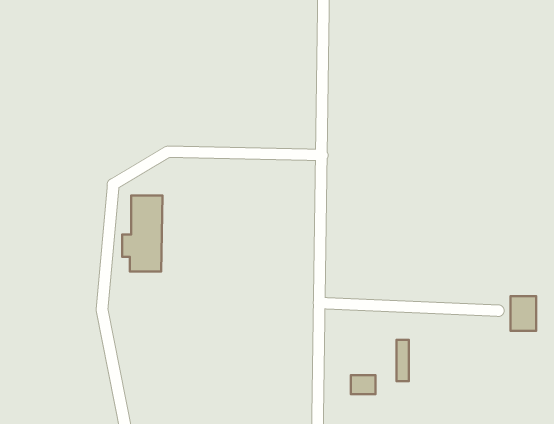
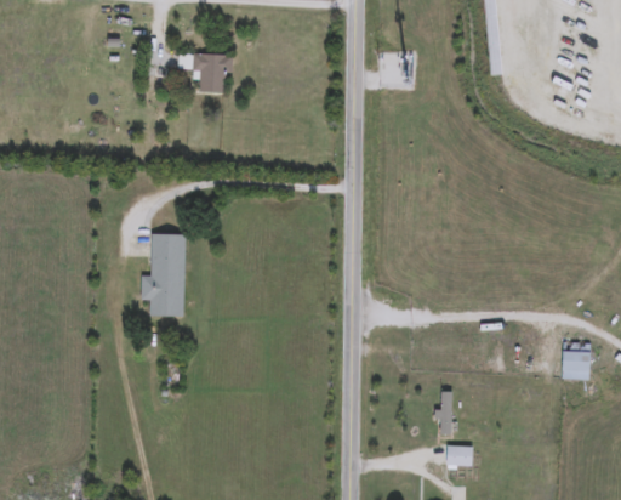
building: none -> [176,52,229,92]
building: [351,375,375,394] -> [446,445,473,466]

